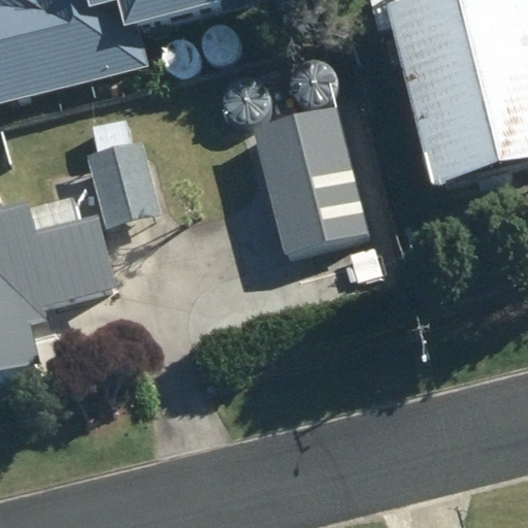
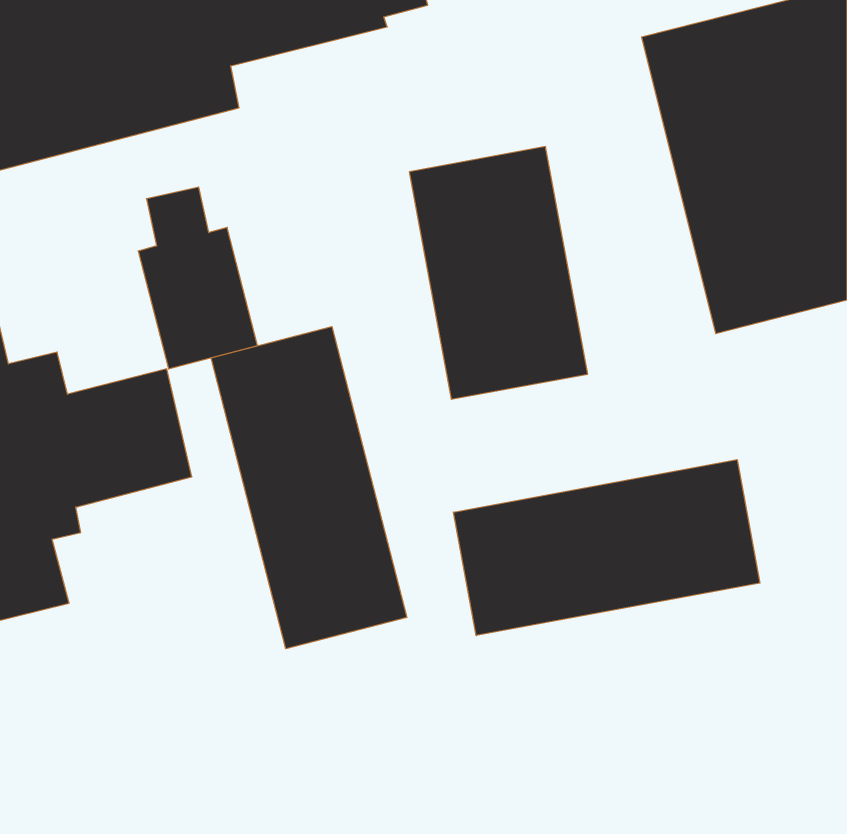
building: none -> [211,327,407,649]
building: none -> [453,460,760,636]

